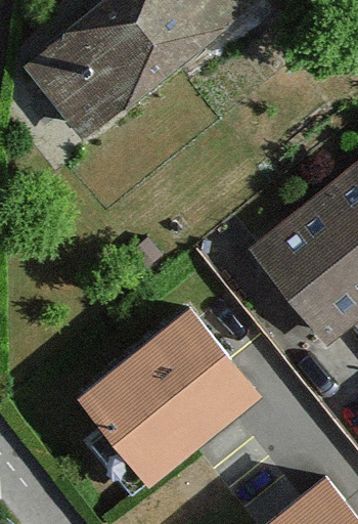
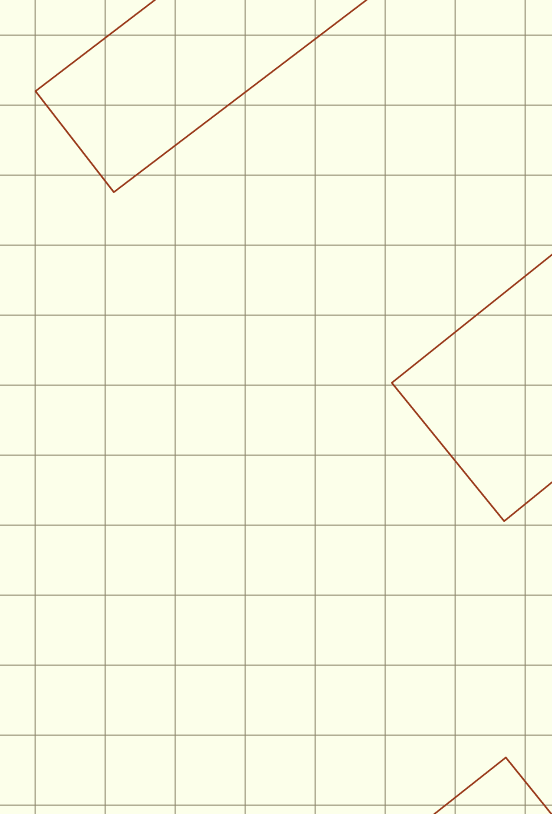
building: [89,319,256,479] -> none

